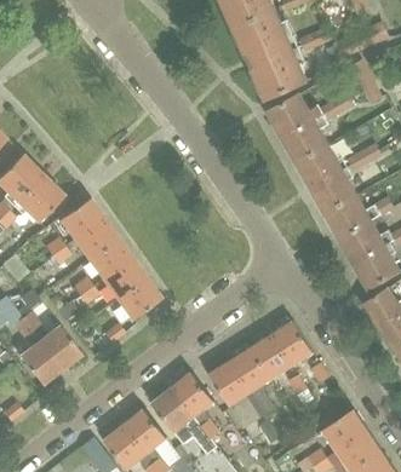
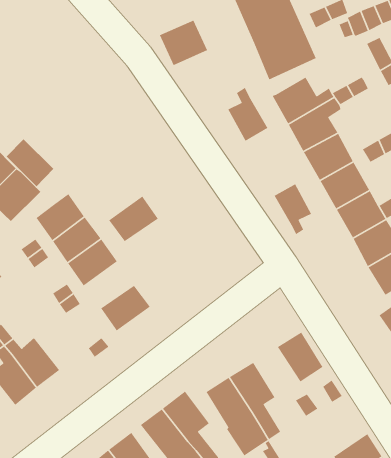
building: none -> [159,19,208,66]
building: none -> [227,87,269,142]
building: none -> [6,138,54,187]
building: none -> [274,183,312,235]
building: [101,258,145,299] -> [108,195,159,242]
building: [251,333,292,378] -> none

